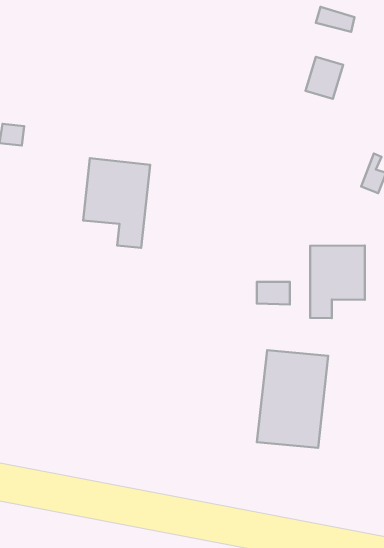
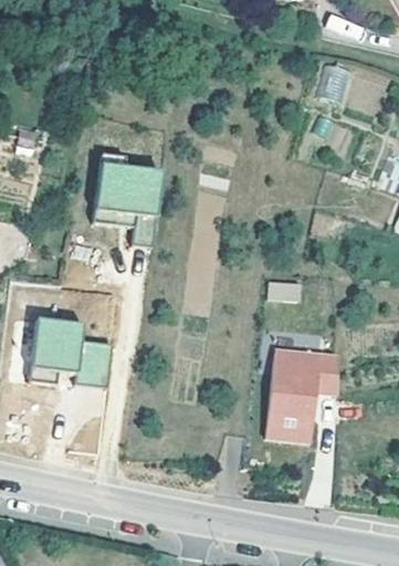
building: [310,246,365,318] -> none
building: none -> [32,315,114,387]

